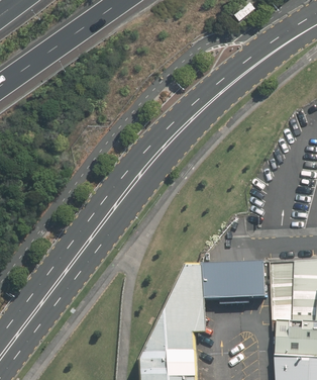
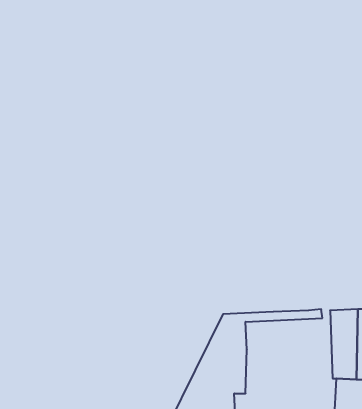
building: [203,271,266,296] -> none

